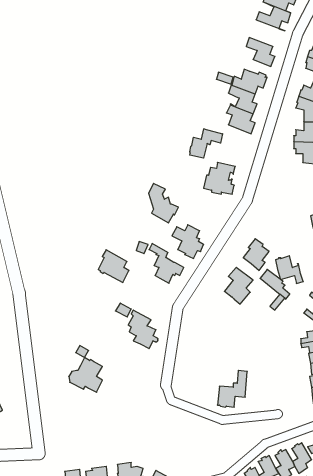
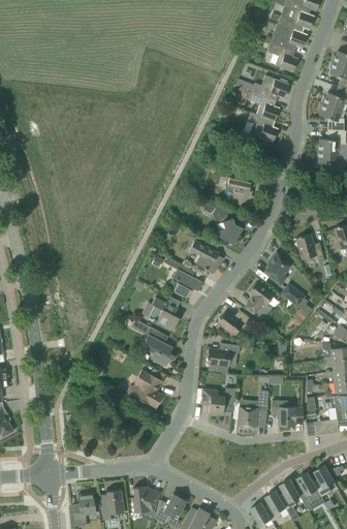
building: none -> [270,24,307,52]
building: [190,129,223,158] -> none
building: [149,183,178,223] -> [212,204,243,245]
building: [98,250,129,282] -> [147,297,179,331]
building: [276,256,303,283] -> [295,235,324,263]
building: none -> [216,310,251,336]
building: none -> [206,343,239,374]
building: [69,358,102,392] -> [127,372,162,408]
building: none -> [200,387,235,415]
building: none -> [270,400,303,427]

